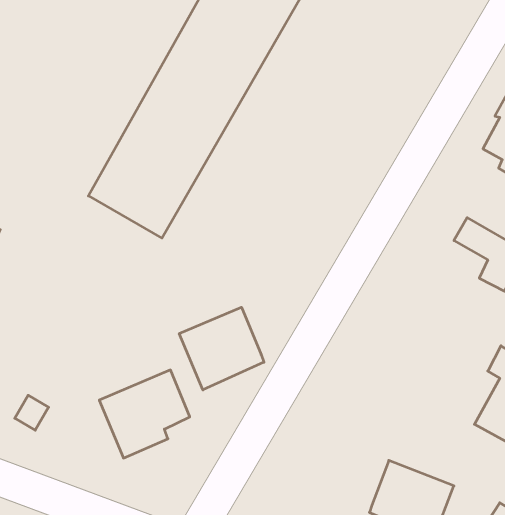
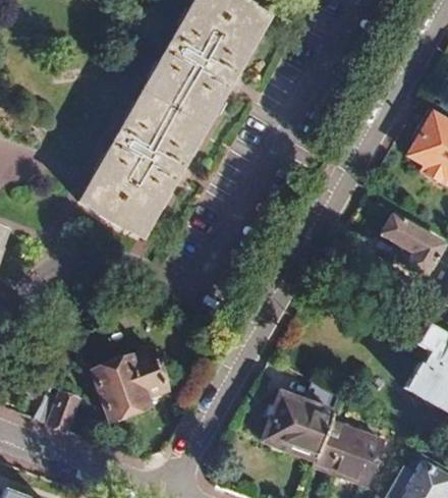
building: [179,307,264,390] -> none
building: none -> [265,381,341,459]
building: none -> [34,391,79,432]

